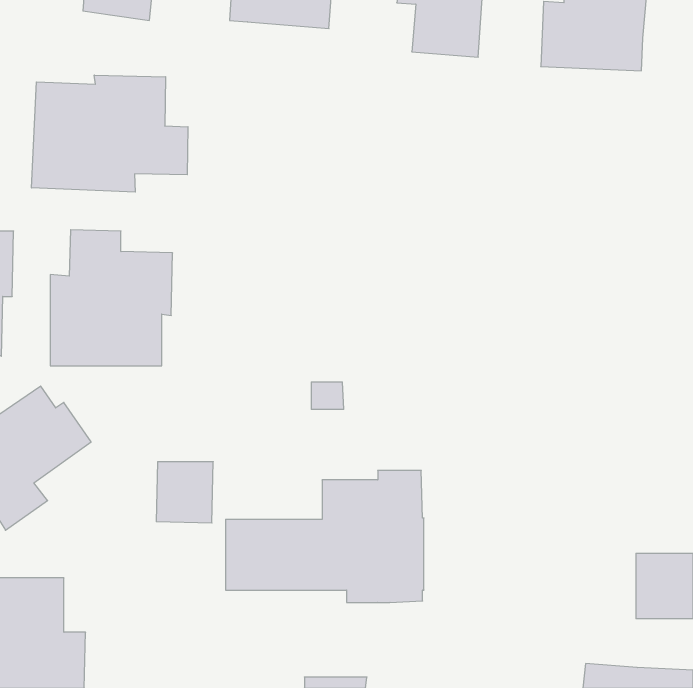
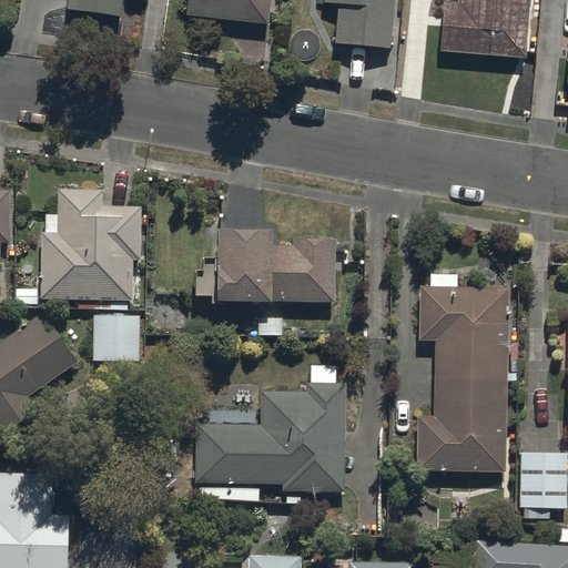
building: [32,75,188,192] -> none
building: none -> [220,233,336,306]
building: none -> [418,286,509,473]
building: [156,462,213,523] -> [93,312,140,362]

